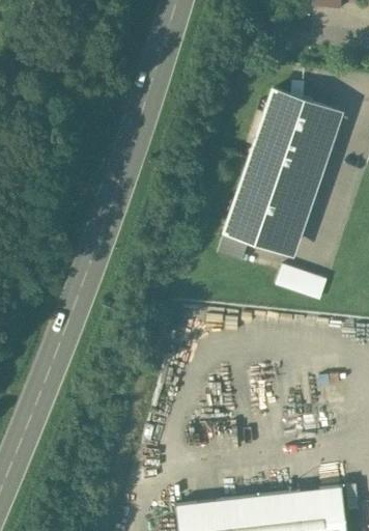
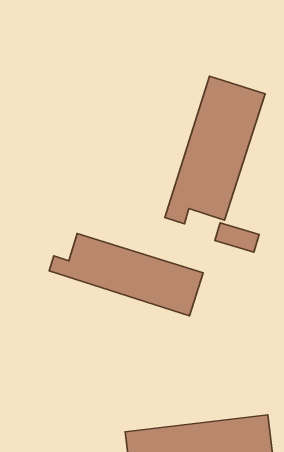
building: none -> [49,233,203,316]

